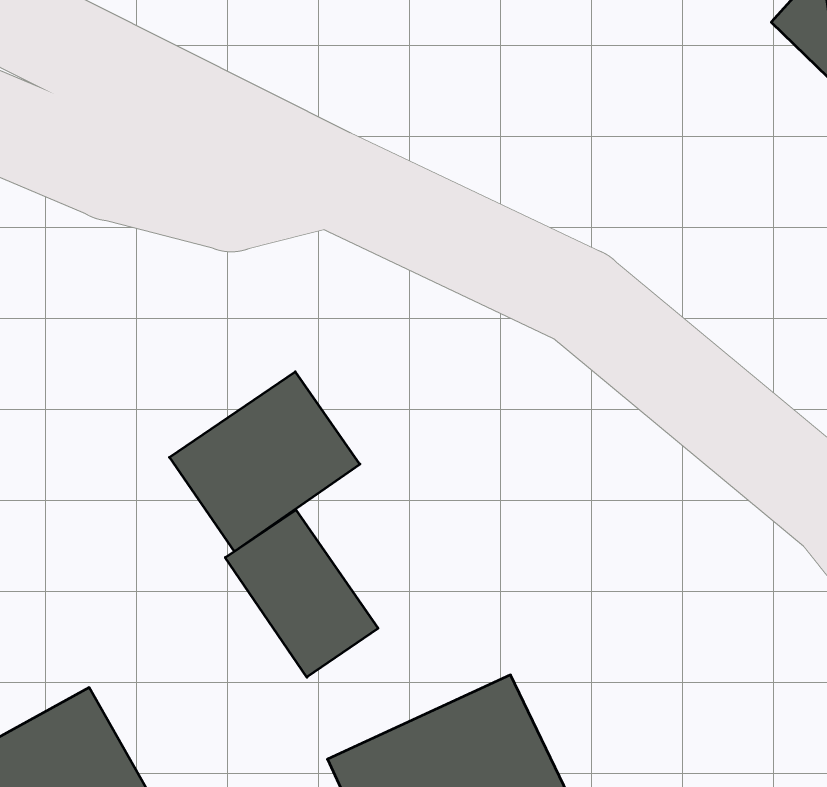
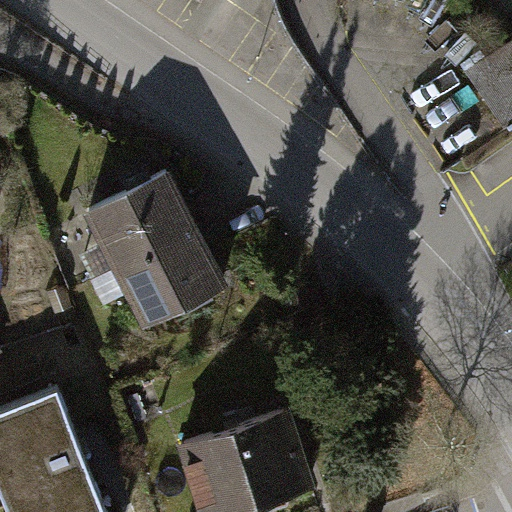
building: none -> [89,178,192,271]
building: [225,510,378,677] -> none

